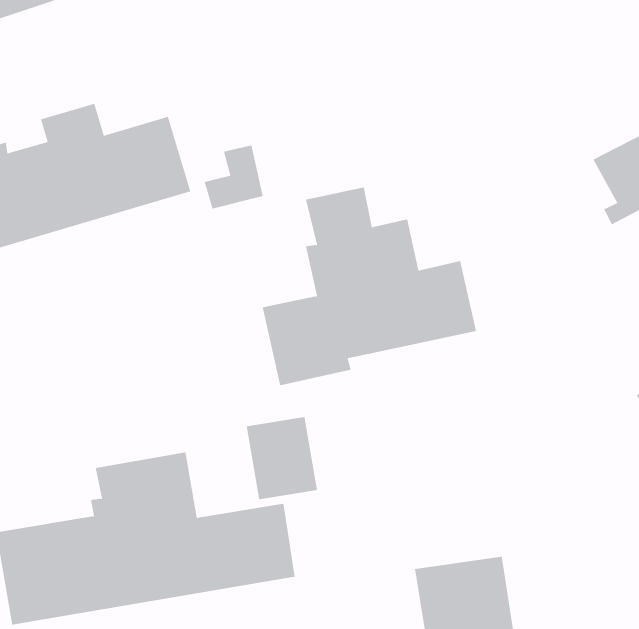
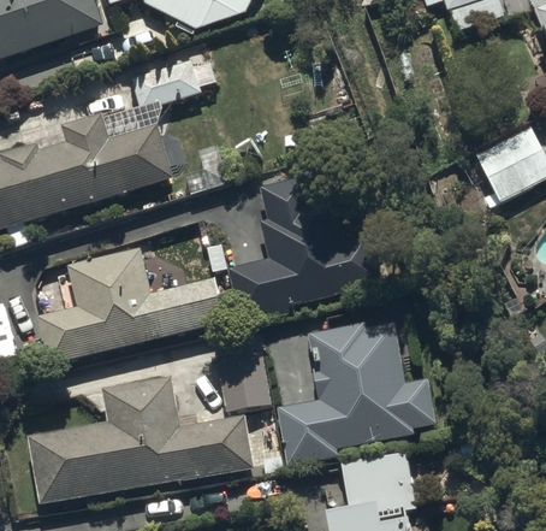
building: none -> [125,58,202,110]
building: none -> [36,247,225,362]
building: none -> [277,321,435,464]

